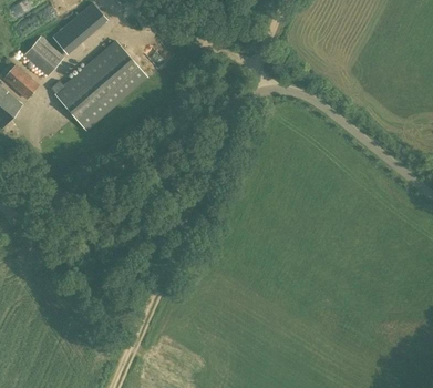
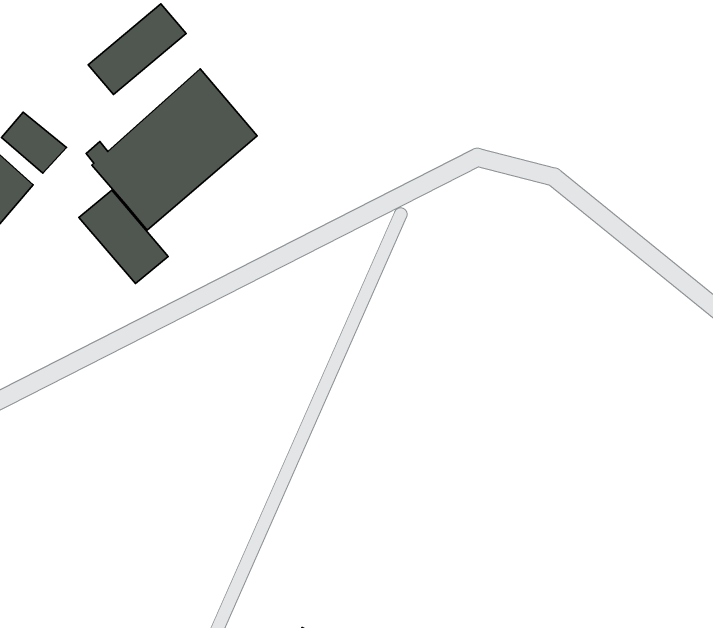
building: [24,37,64,75] -> none
building: none -> [79,190,168,284]

